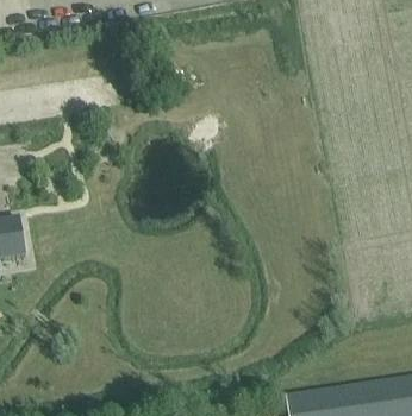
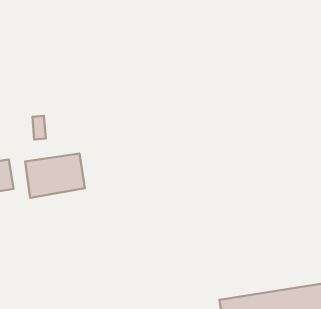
building: none -> [25,153,85,198]

